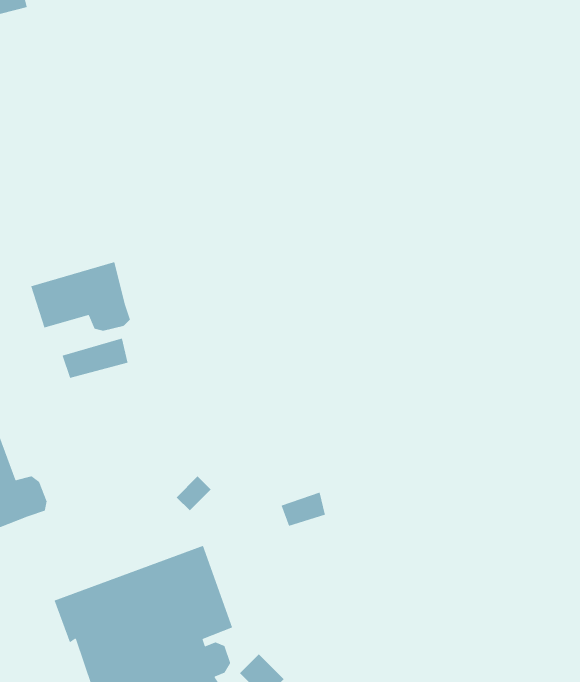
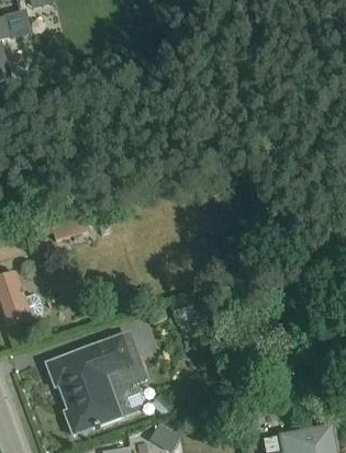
building: [30,261,131,332] -> none

